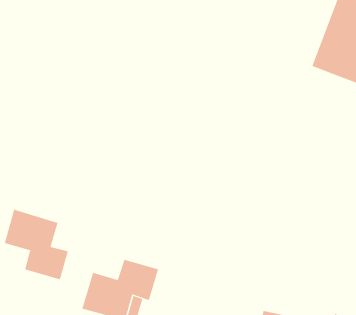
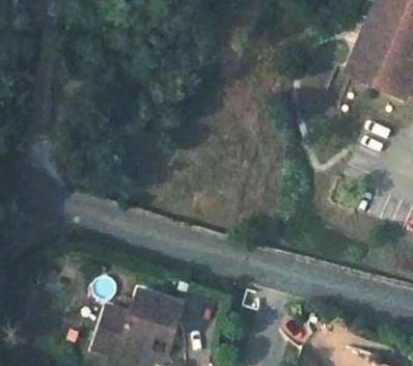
building: [4,209,69,280] -> none

